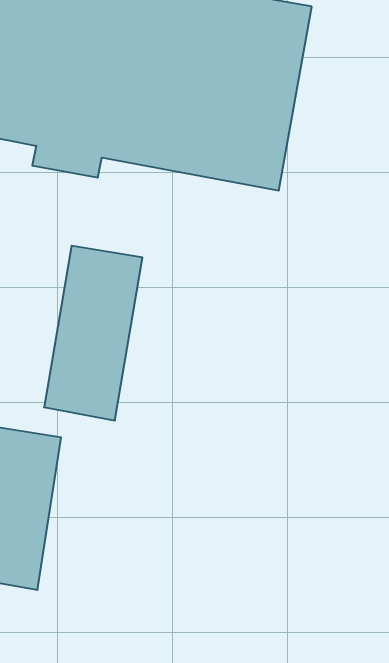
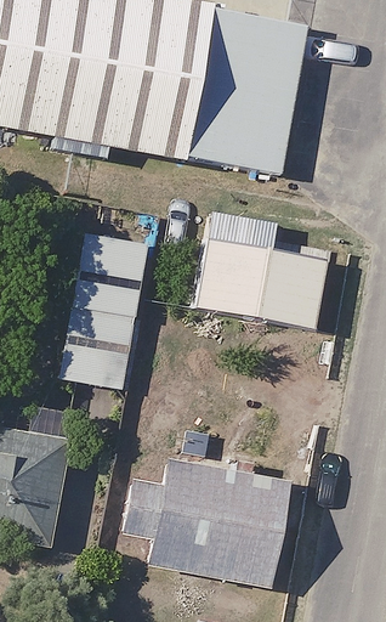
building: none -> [195,220,329,328]
building: none -> [124,452,290,587]

